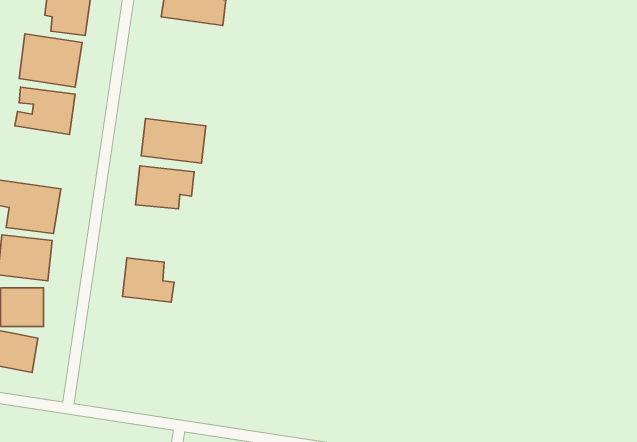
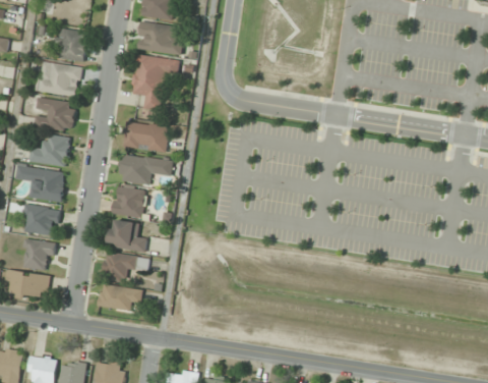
building: none -> [132,55,179,110]
building: none -> [30,133,70,166]
building: none -> [112,184,146,219]
building: none -> [103,252,149,282]
building: none -> [98,283,142,311]

